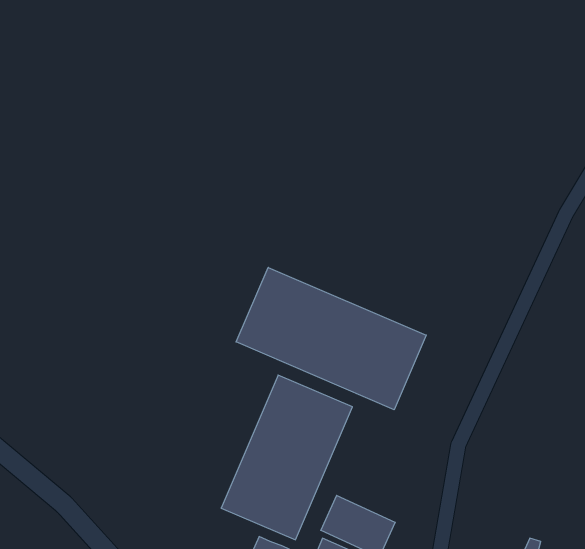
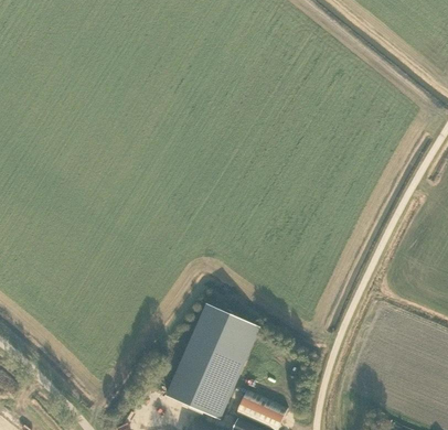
building: [236,267,426,410] -> none

